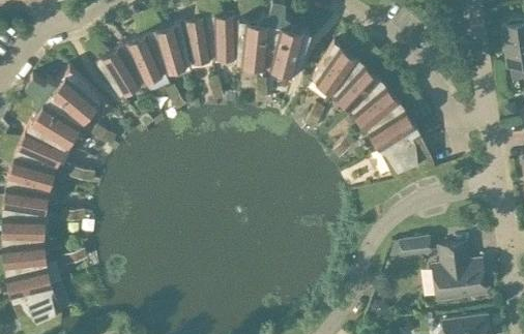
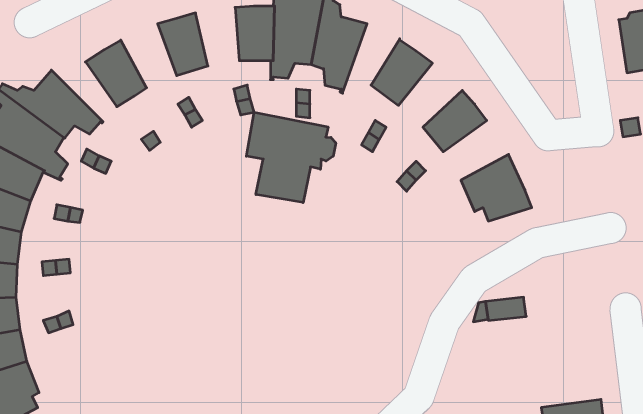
building: [180,21,213,65] -> none
building: [123,33,166,82] -> none
building: [334,63,383,112] -> none
building: none -> [246,112,336,203]
building: [369,107,418,152] -> none
building: [433,246,487,304] -> none

